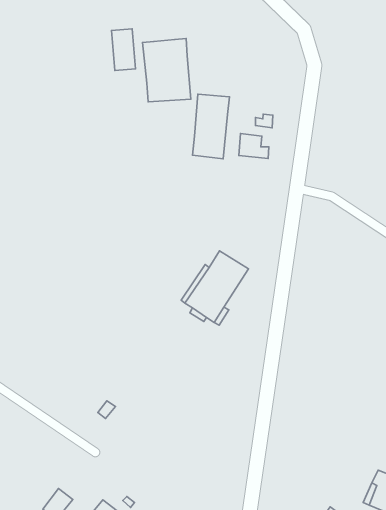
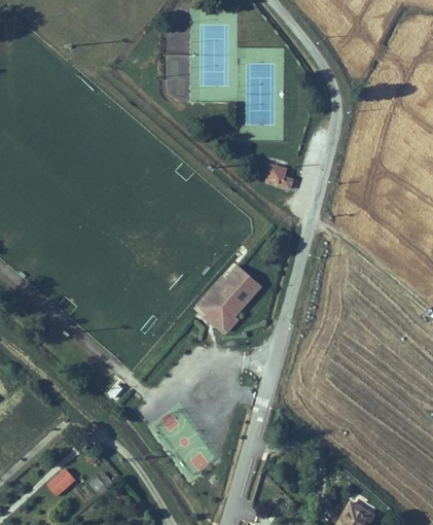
building: [143,39,191,102] -> none
building: [192,94,229,159] -> none

